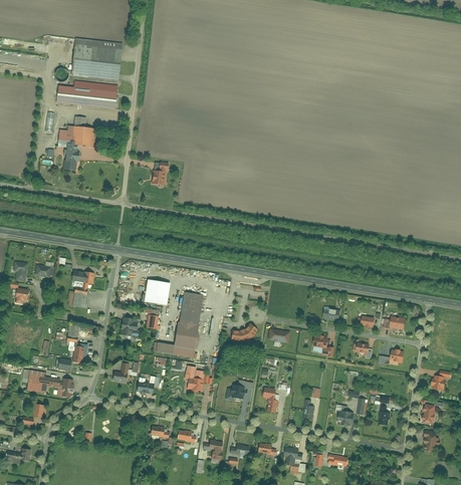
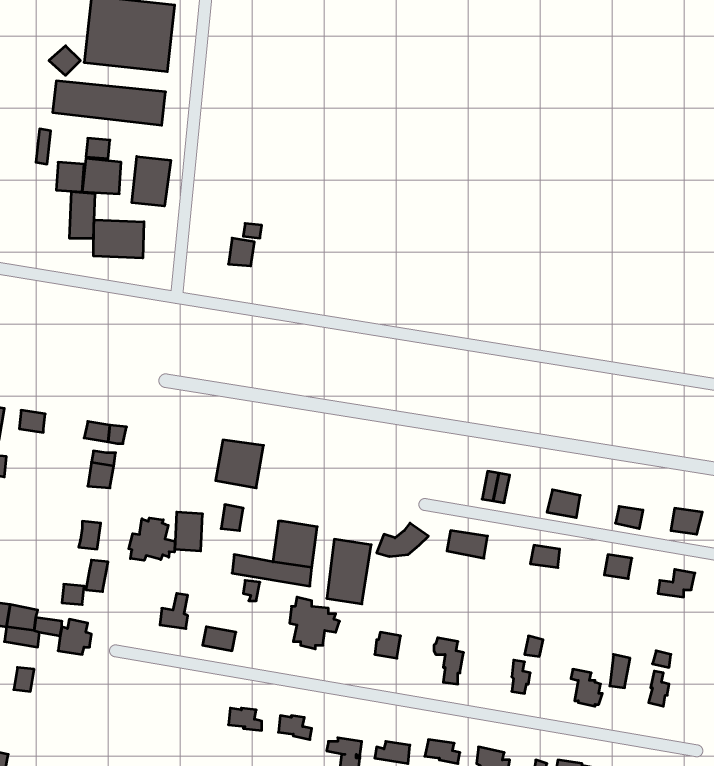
building: none -> [132,156,171,206]
building: none -> [94,220,144,258]
building: [180,291,204,326] -> [327,539,371,604]
building: none -> [129,518,175,560]

